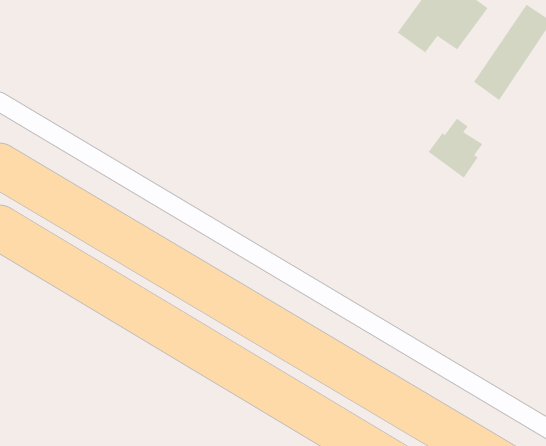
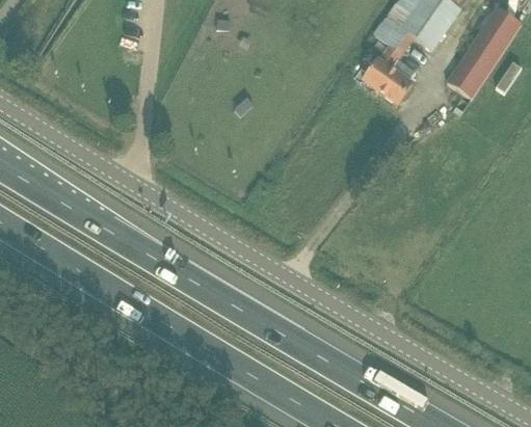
building: [428,118,483,178] -> [364,45,416,102]

